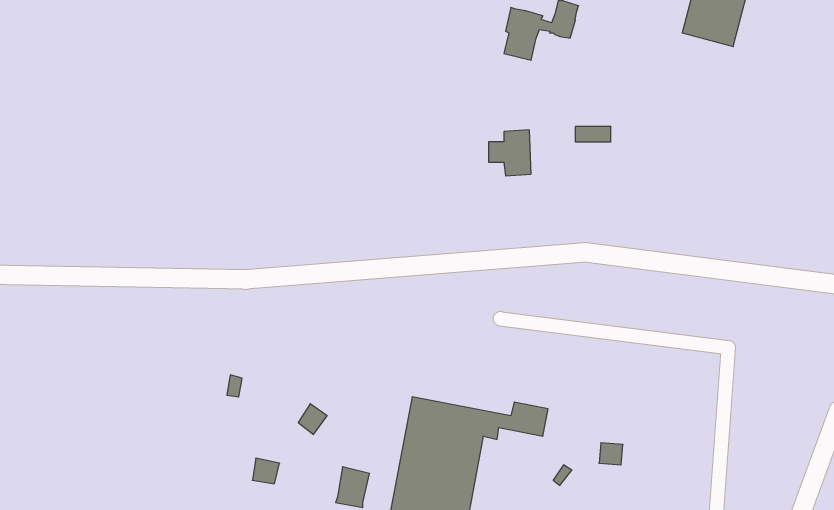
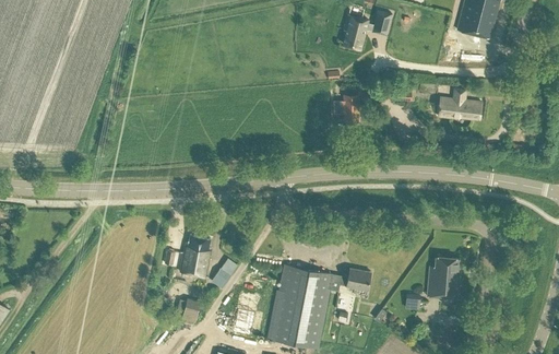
building: none -> [436,88,480,118]
building: none -> [179,235,211,276]
building: none -> [427,258,459,297]

